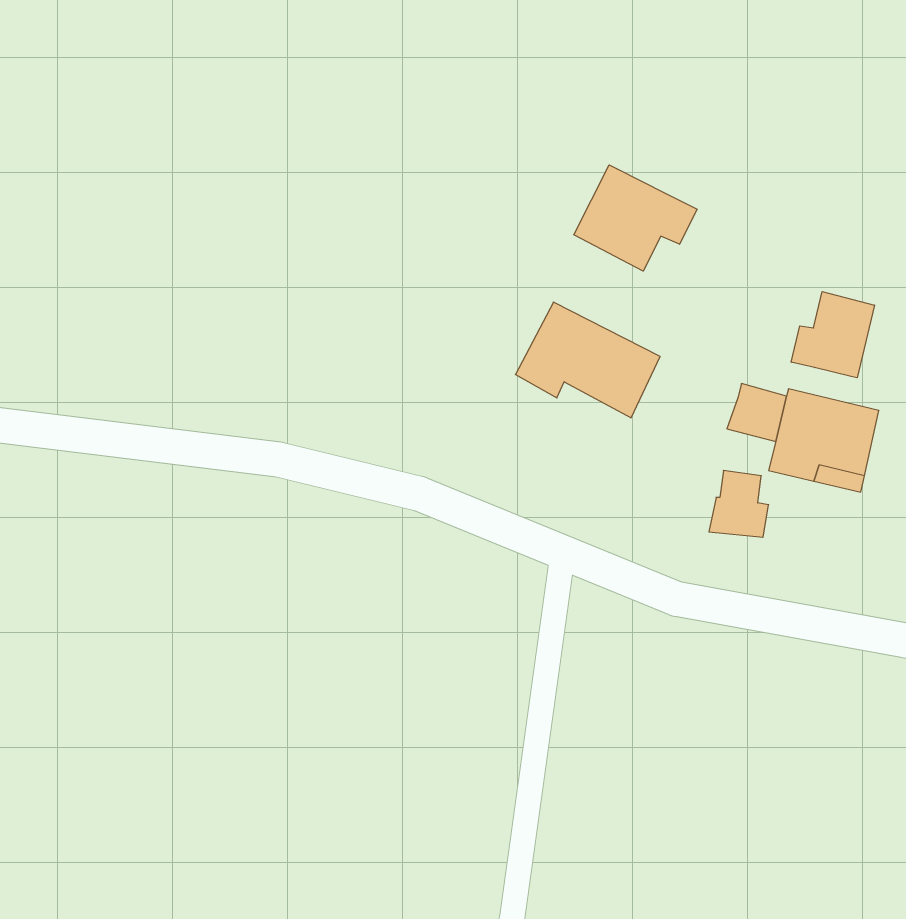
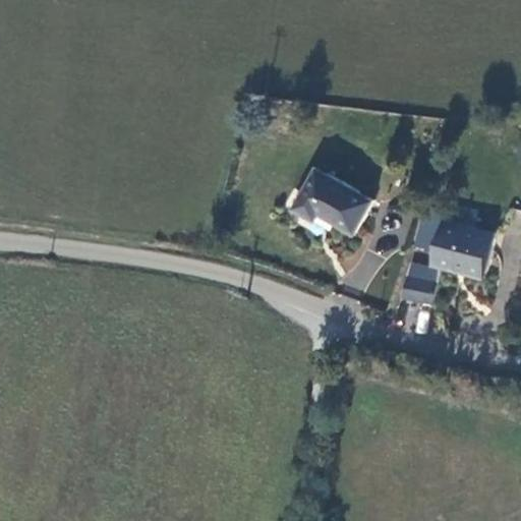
building: [574,165,697,271] -> none
building: [791,292,874,378] -> none

